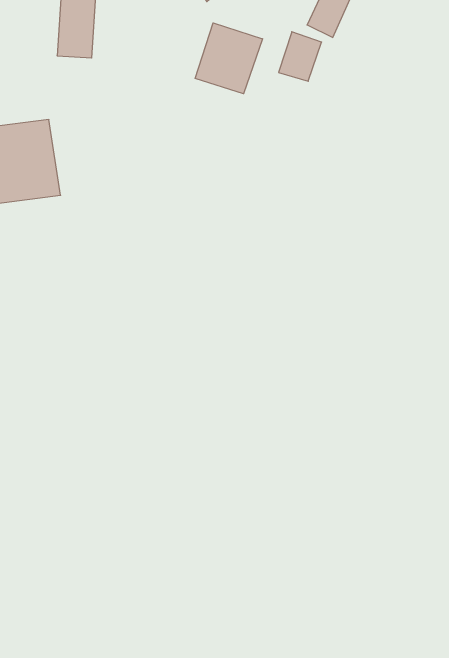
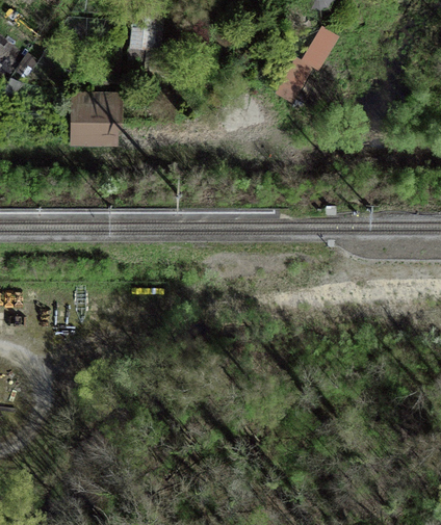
building: [195,23,263,94] -> none

